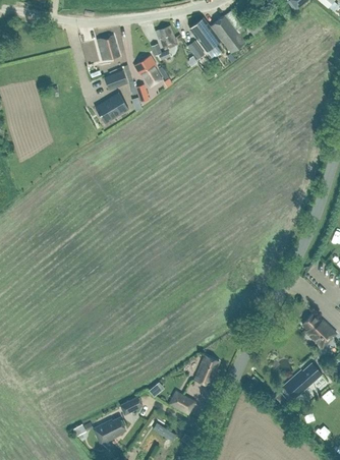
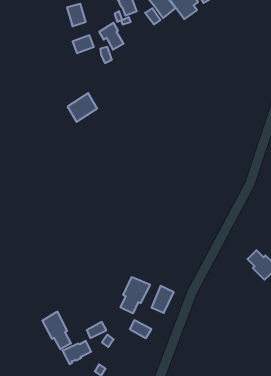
building: [95,92,128,124] -> [68,93,97,122]
building: none -> [121,277,150,313]
building: [284,362,321,398] -> none
building: none -> [42,312,71,349]

